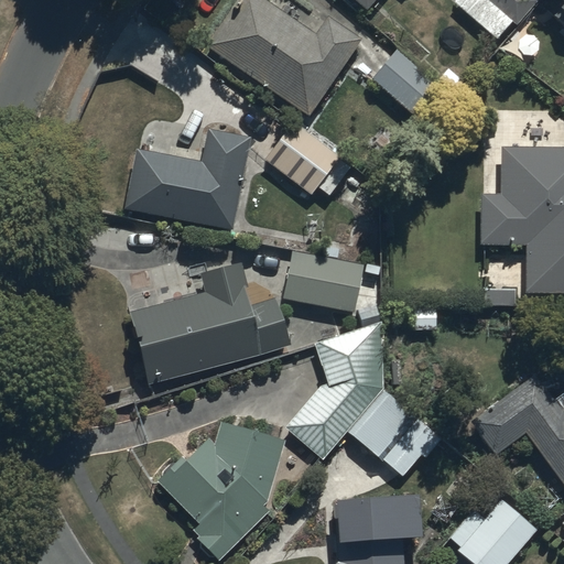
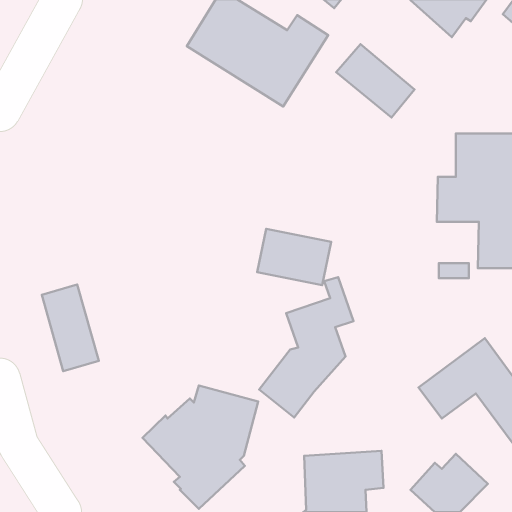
building: [265,122,351,195] -> none
building: [123,131,251,230] -> none
building: [130,262,291,384] -> none
building: none -> [42,284,99,371]
building: [346,391,442,476] -> none

